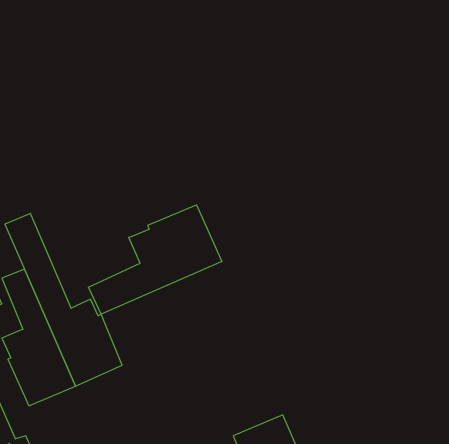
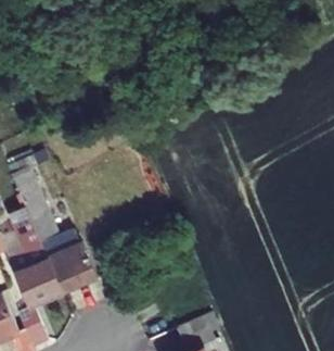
building: [88,205,222,314] -> none

